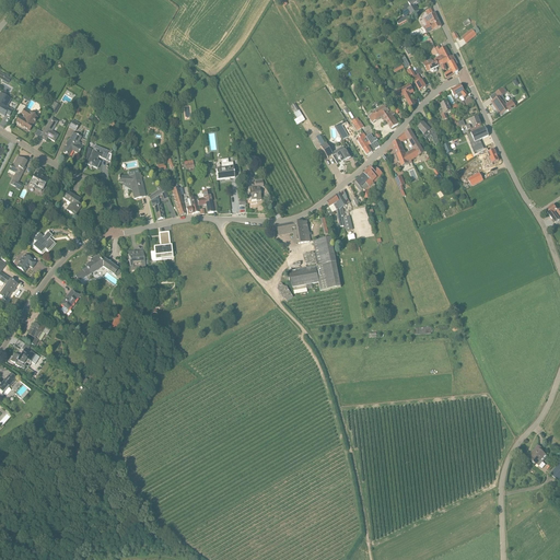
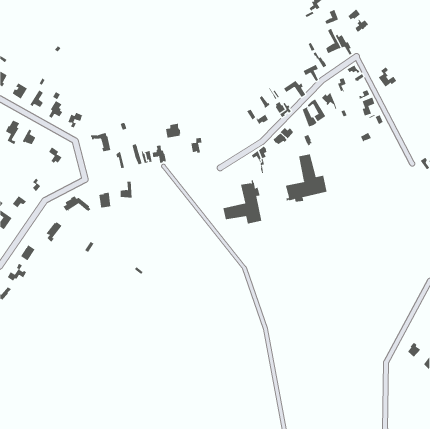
building: none -> [285,153,327,203]
building: [277,219,310,243] -> none

